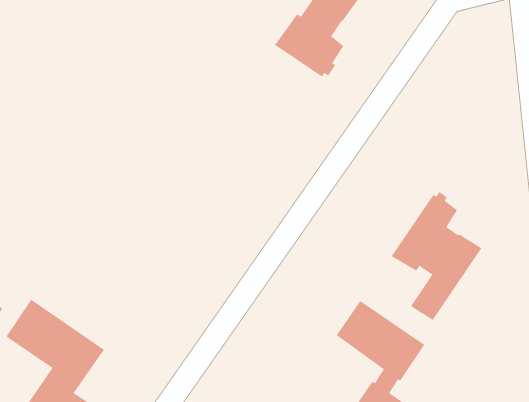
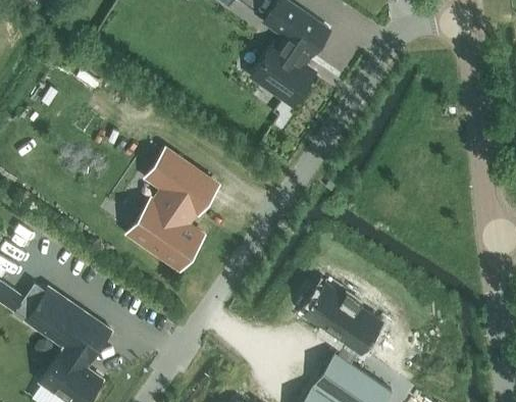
building: none -> [128,149,216,266]
building: [391,191,482,321] -> none

